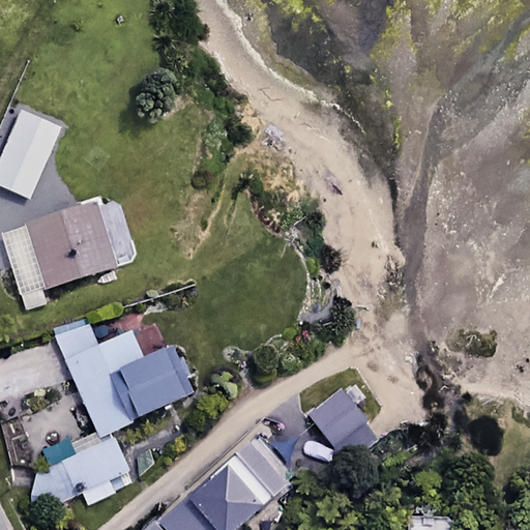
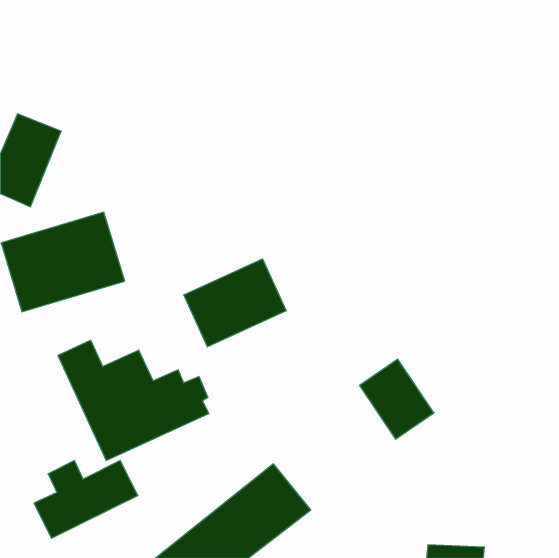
building: none -> [184,259,286,347]
building: [306,387,377,463] -> [360,359,434,439]

